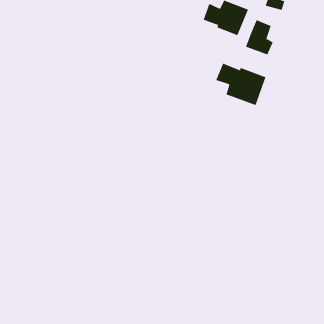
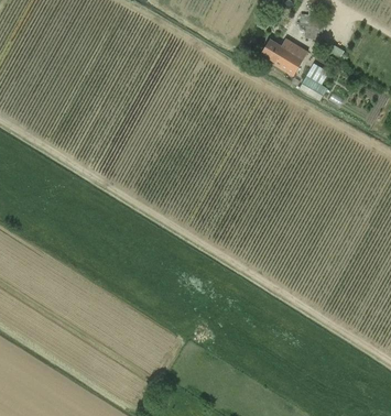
building: [216,63,266,106] -> none

